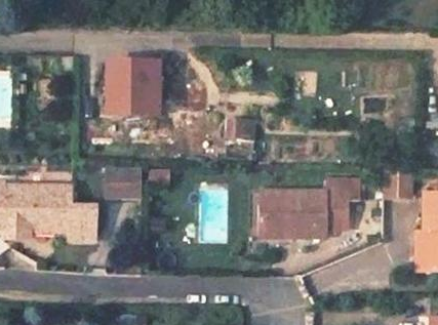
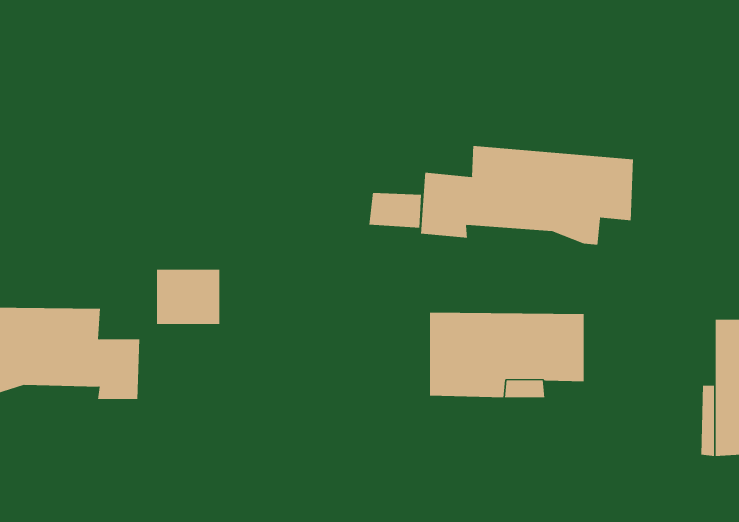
building: [106,62,158,113] -> none
building: none -> [421,145,633,245]
building: [384,168,412,197] -> none

